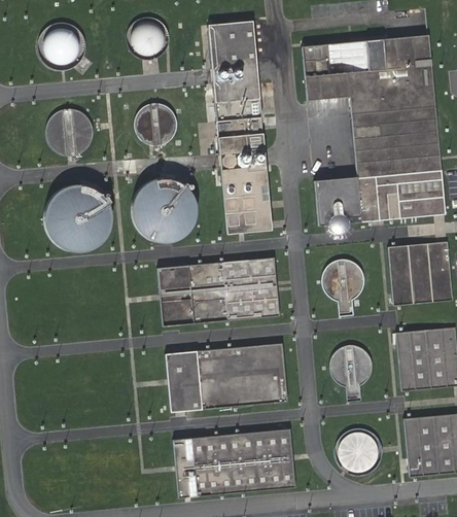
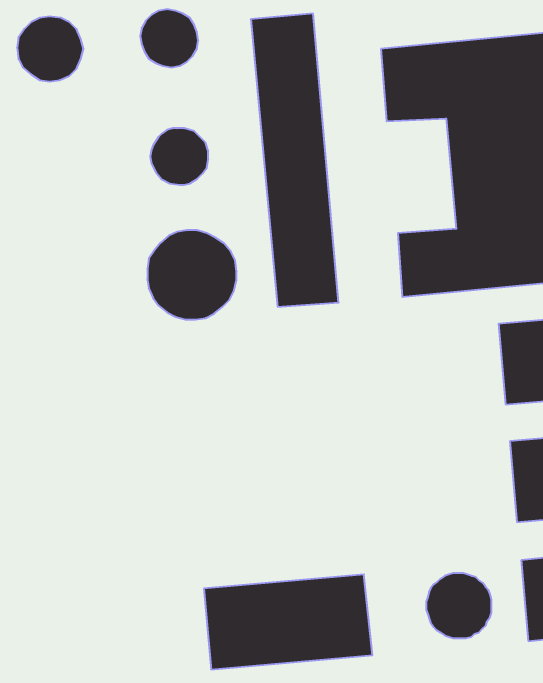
building: [45,107,93,154] -> none
building: [43,183,111,251] -> none
building: [156,256,279,324] -> none
building: [320,256,364,316] -> none
building: [165,342,287,411] -> none
building: [329,343,372,401] -> none

